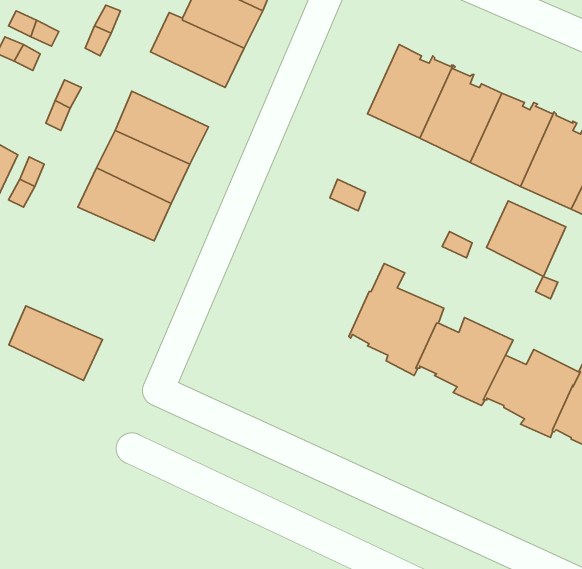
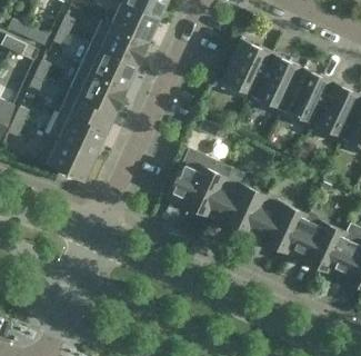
building: none -> [81,43,137,88]
building: [487,201,566,277] -> none
building: none -> [169,149,231,217]
building: [9,306,102,381] -> [39,136,94,180]

